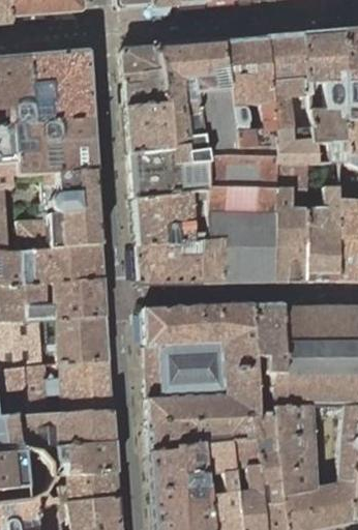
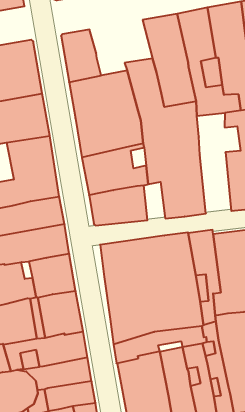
building: [157,41,230,104] -> none
building: [275,164,310,283] -> none
building: [204,239,226,284] -> none

